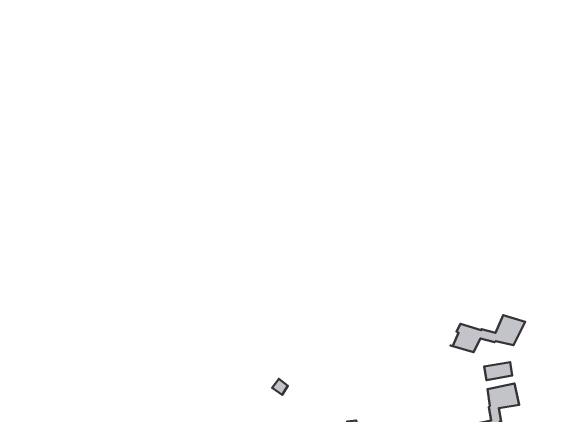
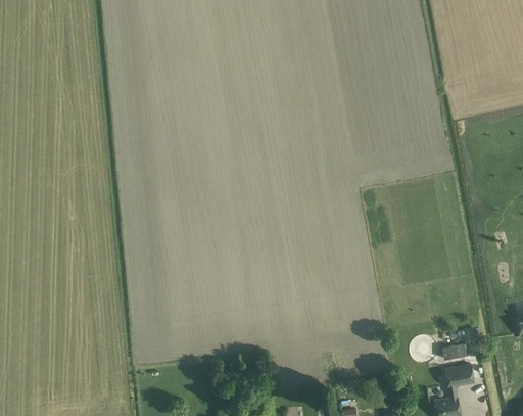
building: [451,315,525,352] -> none

